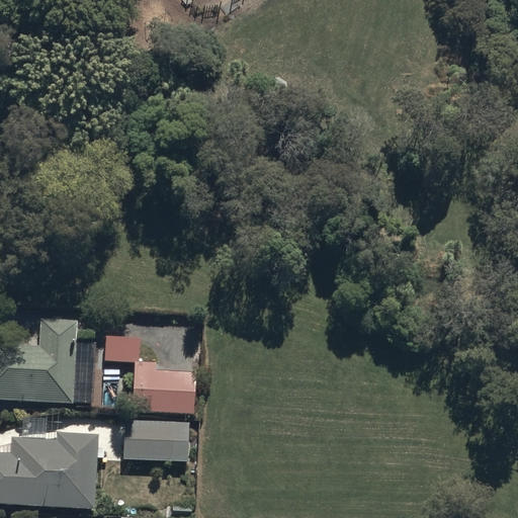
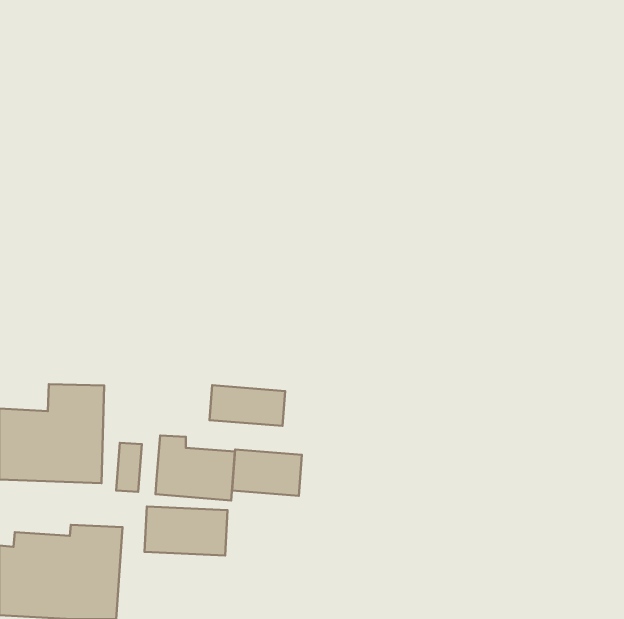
building: none -> [210,385,285,426]
building: none -> [232,450,302,496]

